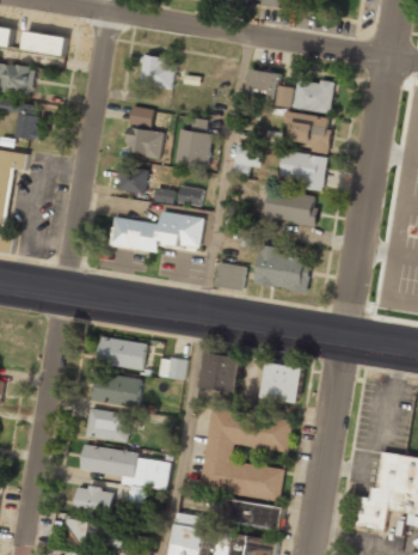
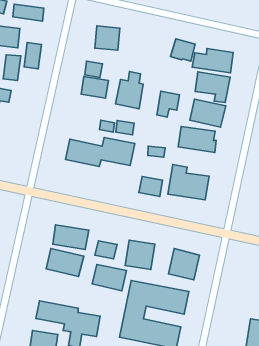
building: none -> [24,42,41,69]
building: [117,164,148,195] -> none
building: [85,408,131,443] -> [92,264,126,291]

